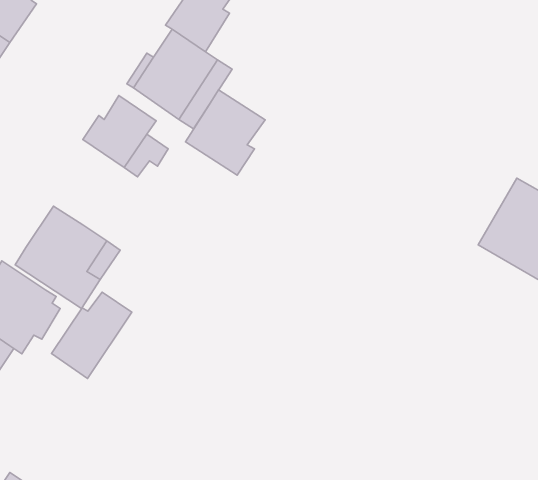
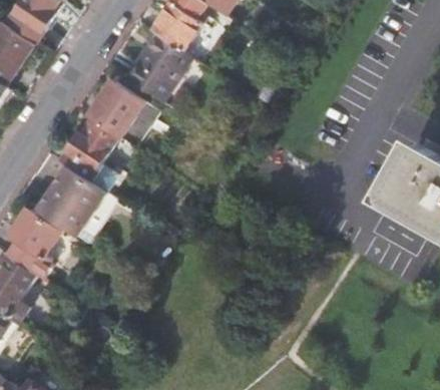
building: [185,90,265,175] -> none
building: none -> [56,125,114,181]
building: [52,292,132,379] -> none

